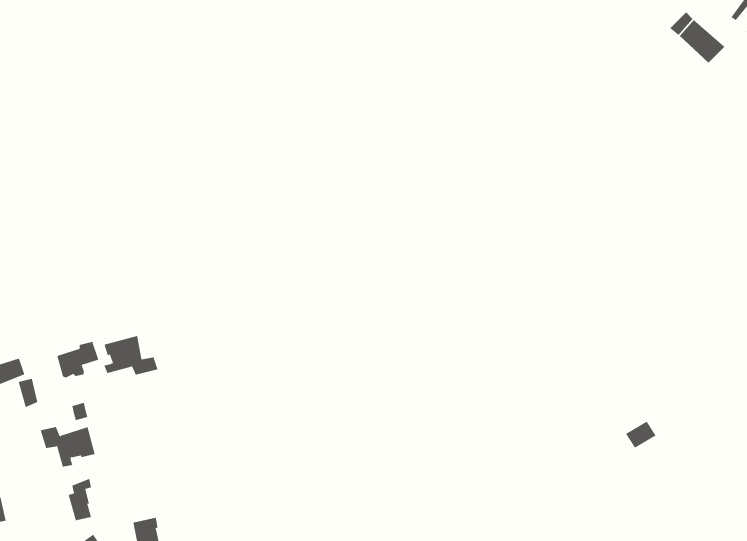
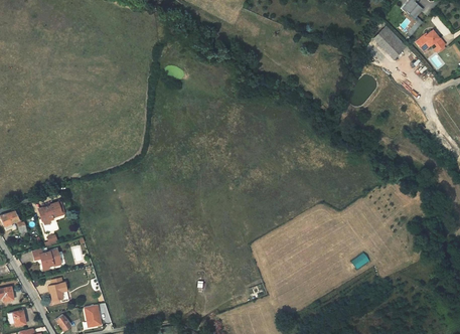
building: [103,335,158,376] -> none

